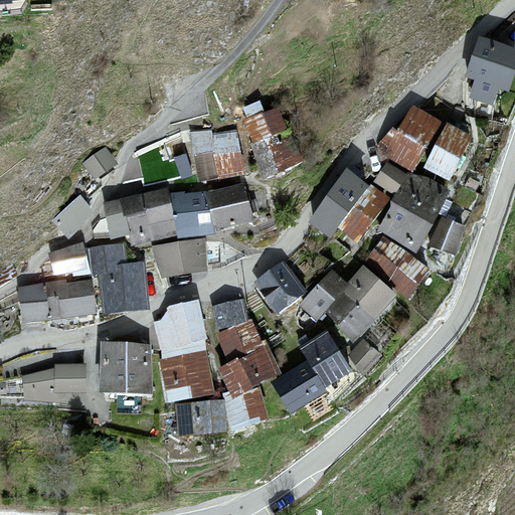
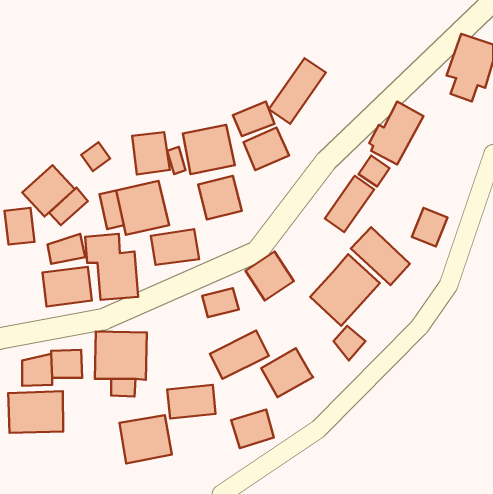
building: [422,123,472,181] -> none
building: [309,169,368,237] -> [269,58,326,124]
building: none -> [22,165,75,216]
building: [377,173,448,250] -> none
building: [172,192,211,236] -> [132,132,170,175]
building: [298,270,346,319] -> none
building: [17,284,48,322] -> [5,208,34,245]
building: [154,300,205,350] -> none
building: [216,321,262,360] -> none
building: [299,330,351,388] -> none
building: [159,351,213,401] -> [120,415,172,463]
building: [222,388,267,428] -> [231,409,274,448]
building: none -> [8,391,63,433]

